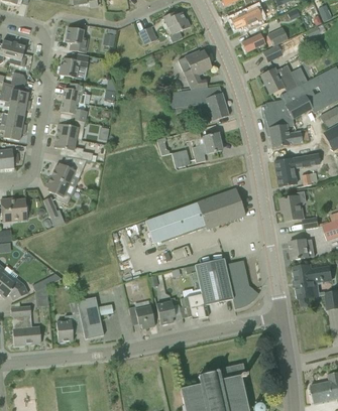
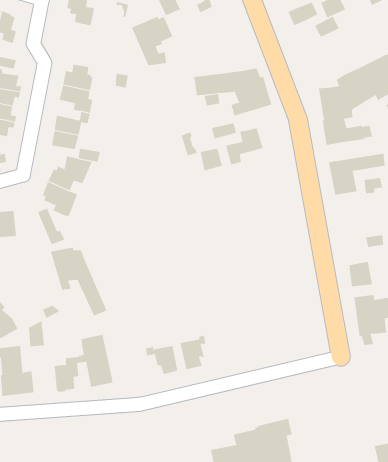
building: [178,50,211,90] -> [131,16,173,66]
building: [59,52,88,78] -> none
building: [260,64,298,93] -> none
building: [145,187,245,243] -> none
building: [280,190,307,221] -> none
building: none -> [50,247,107,316]
building: [180,258,258,318] -> none

